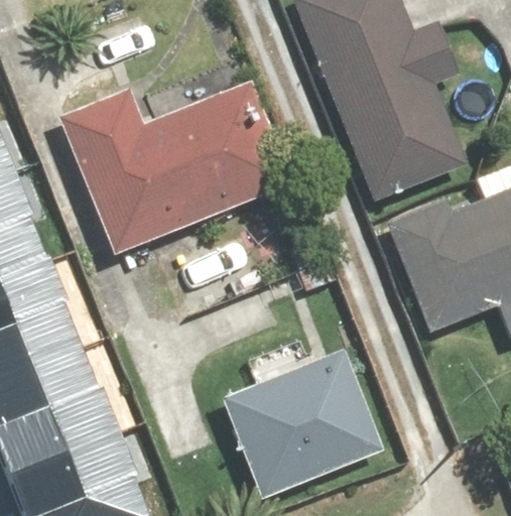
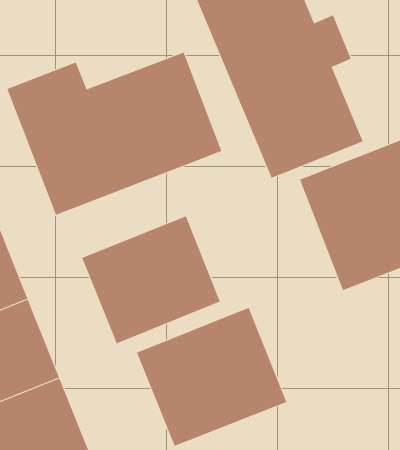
building: none -> [82,216,220,344]

